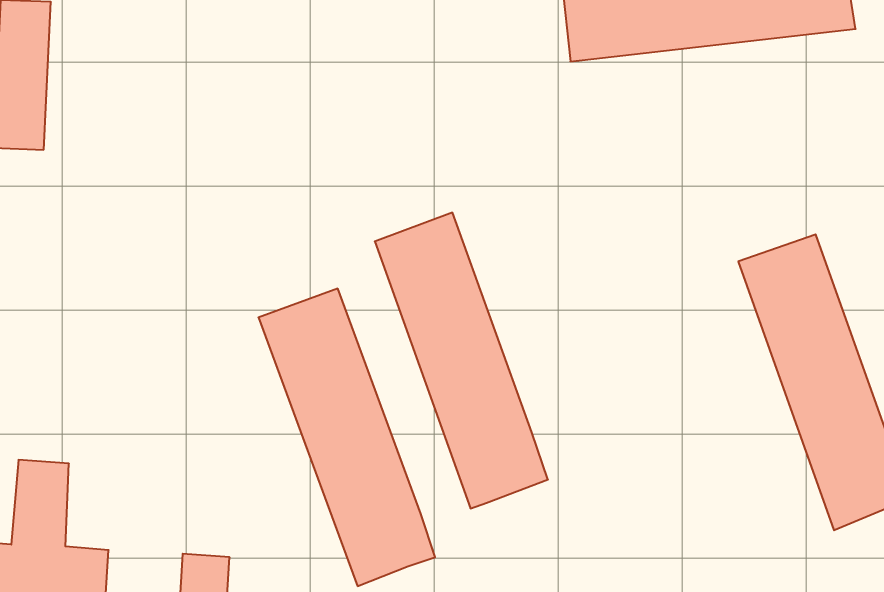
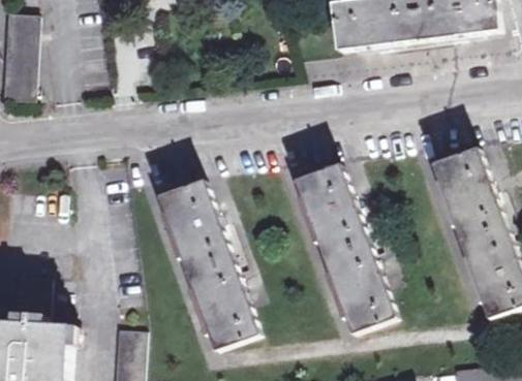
building: [375,213,548,508] -> [297,163,396,332]

